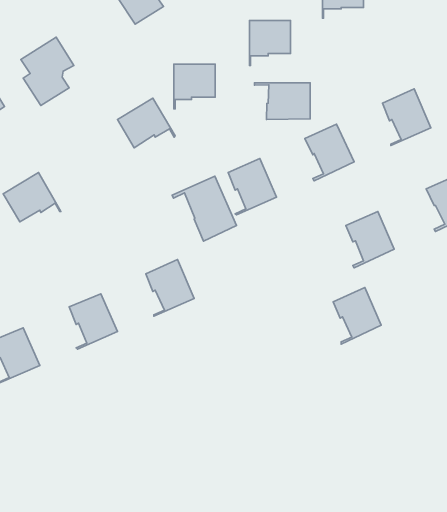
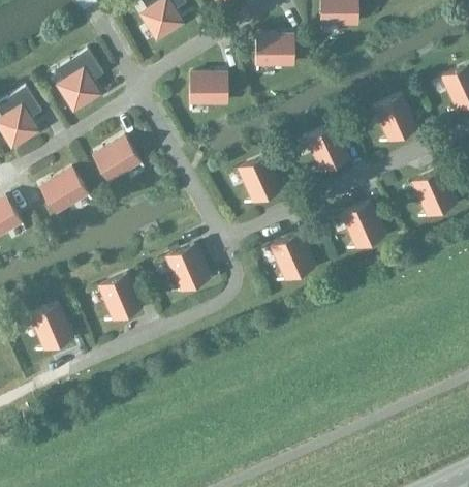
building: [254,83,310,120] -> none
building: [118,98,175,148] -> [93,138,144,181]
building: [172,176,237,241] -> none
building: [333,288,381,344] -> [270,235,312,284]

